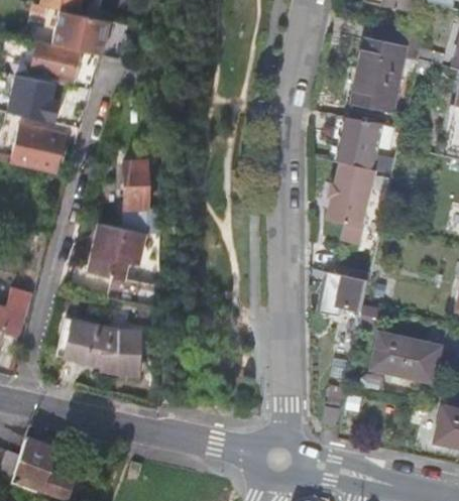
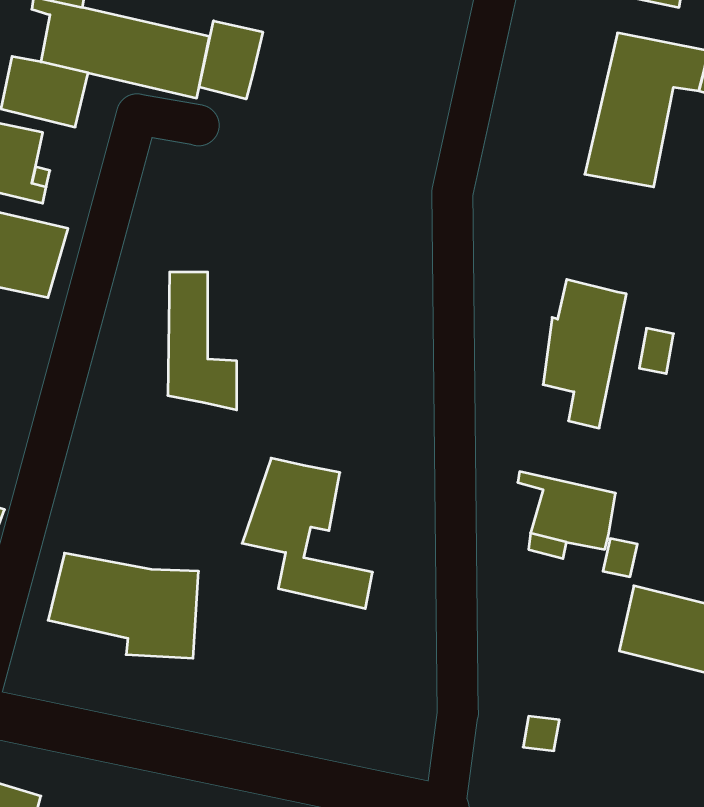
building: none -> [199,21,263,99]
building: [337,117,382,169] -> none
building: [88,223,160,306] -> [242,458,373,609]

